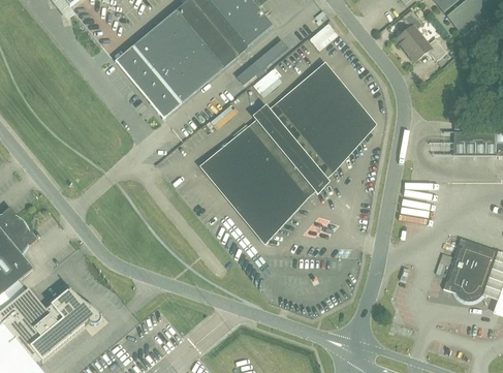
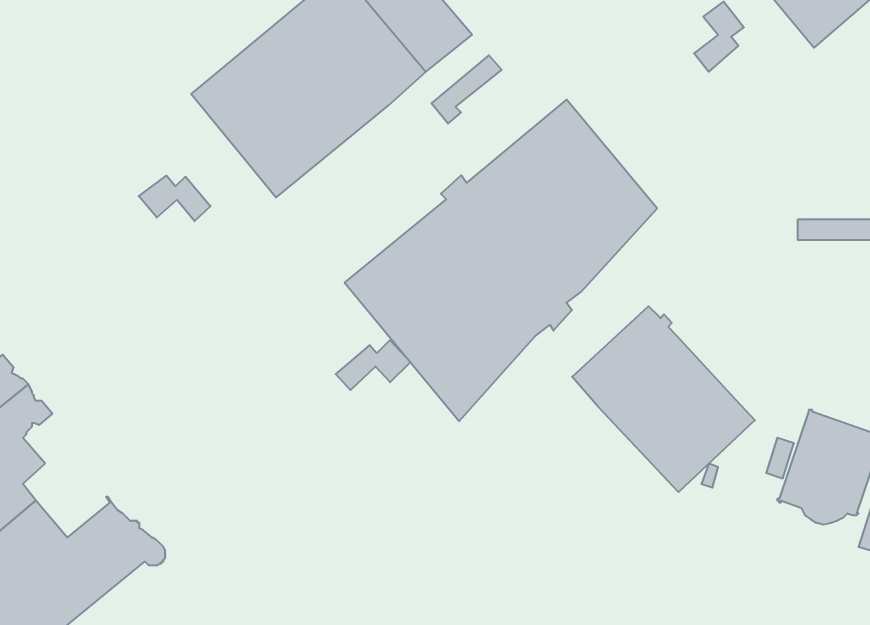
building: [404,33,446,61] -> none
building: none -> [139,176,211,221]
building: none -> [572,306,755,492]
building: none -> [336,340,410,390]

